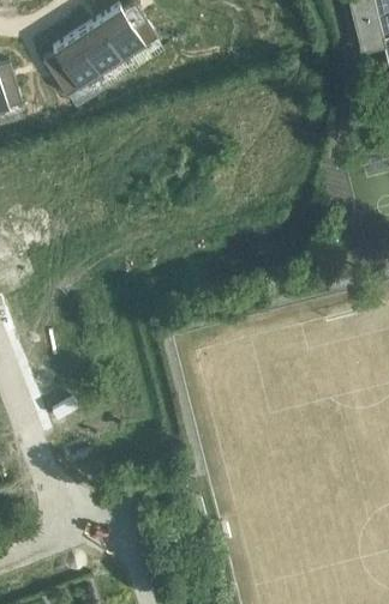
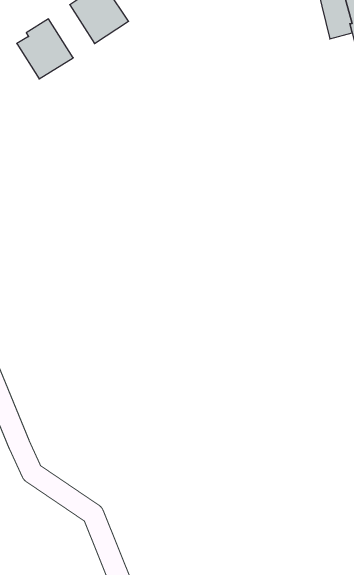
building: [74,20,121,74] -> none

